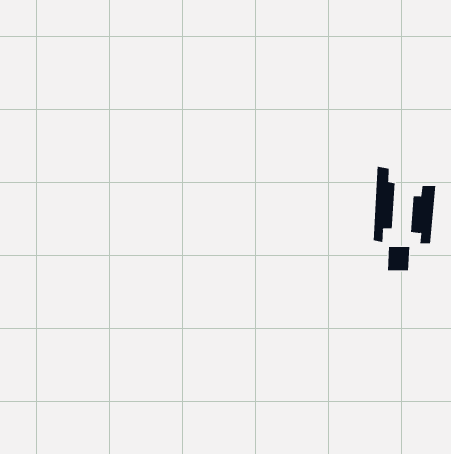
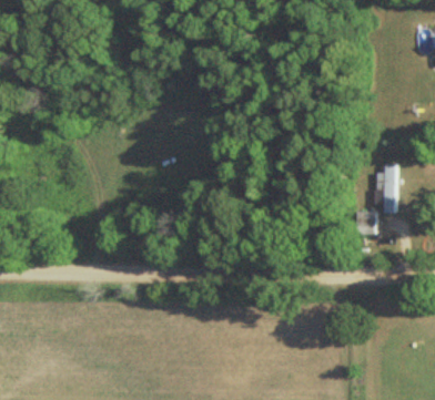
building: [373,166,395,243] -> none

